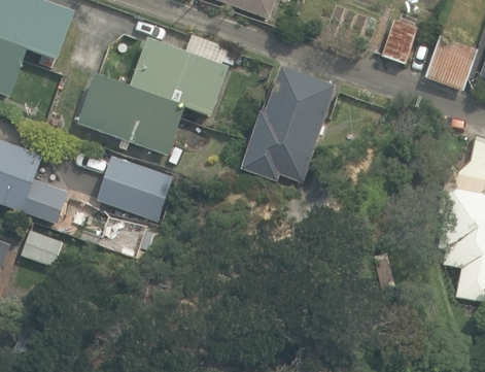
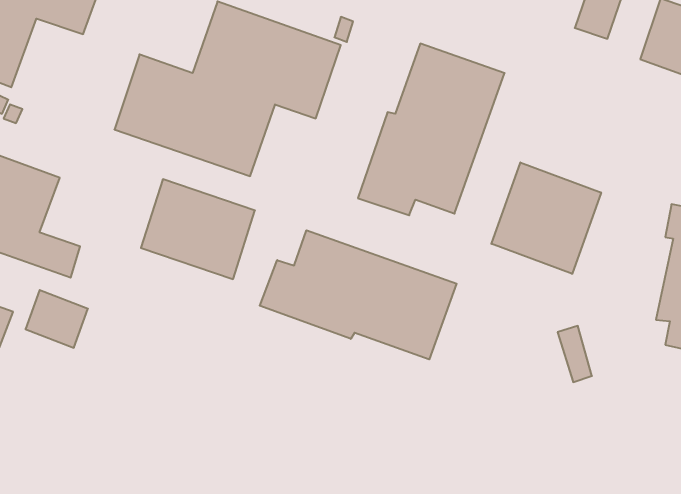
building: none -> [491,162,601,274]
building: none -> [260,230,457,359]

